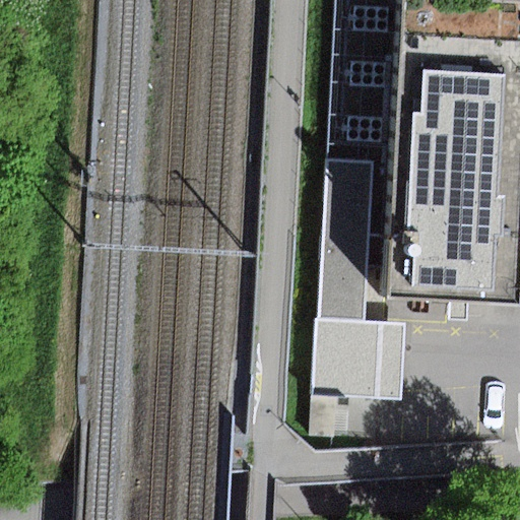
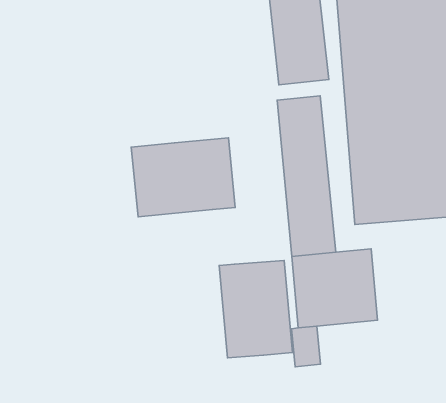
building: none -> [131,138,235,217]
building: none -> [219,260,293,358]

